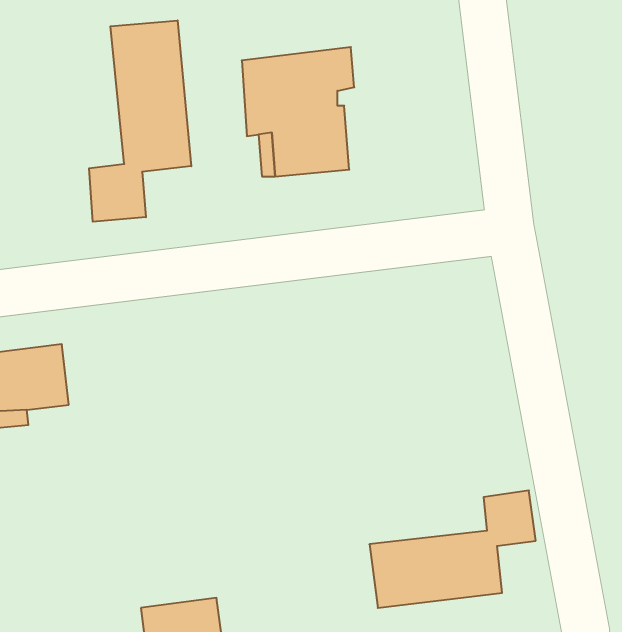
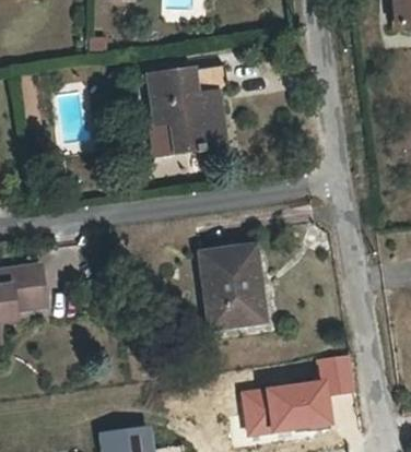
building: [89,20,191,222] -> none
building: none -> [198,245,259,322]

